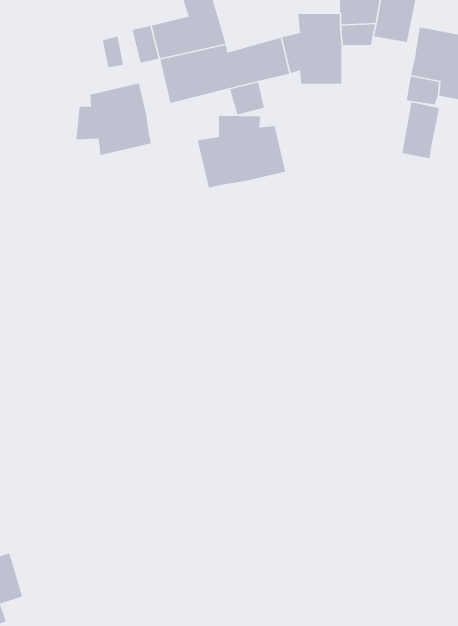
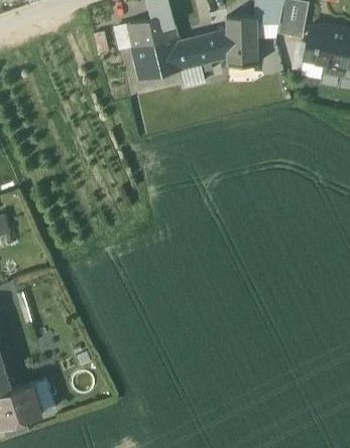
building: [76,82,152,156] -> none
building: [402,101,439,159] -> none
building: [197,115,286,189] -> none

